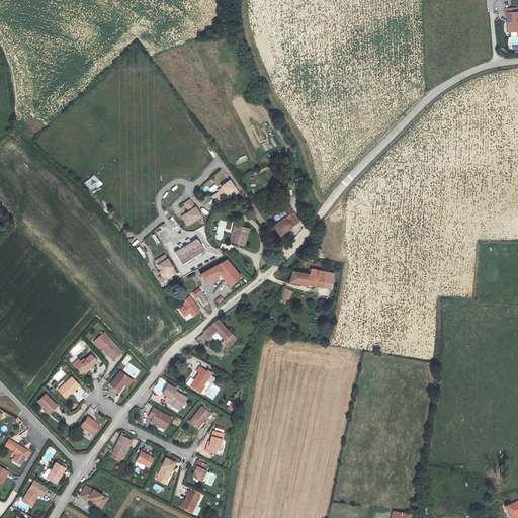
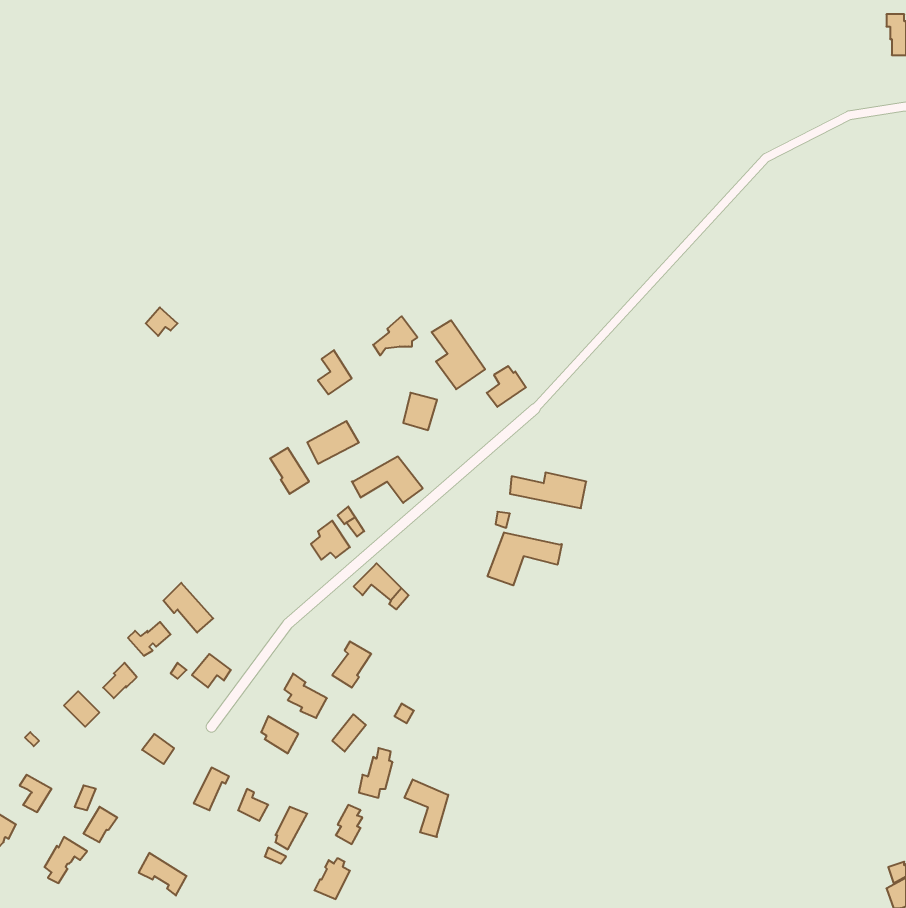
building: none -> [432,320,485,389]
building: none -> [488,532,562,585]
building: none -> [405,779,448,837]

